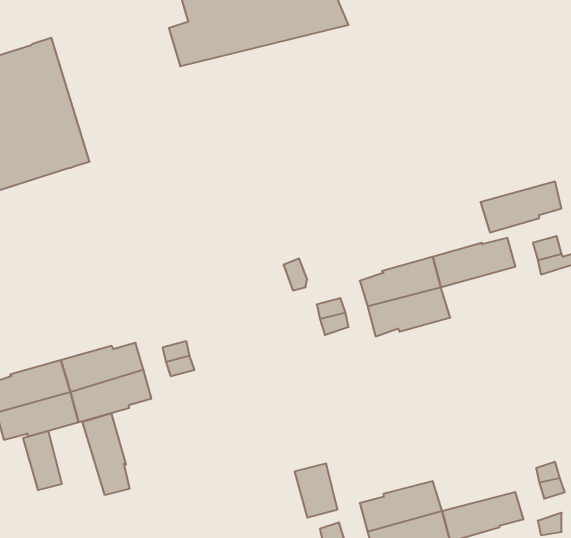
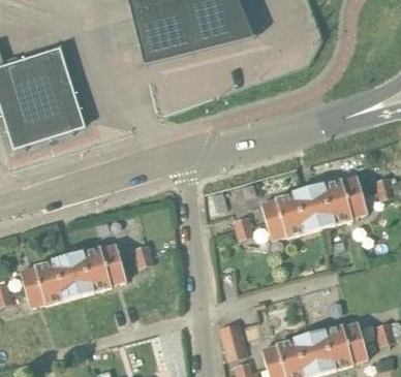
building: [480,182,561,232] -> [314,195,367,228]
building: [82,413,130,495] -> none
building: [23,431,62,490] -> none
building: none -> [309,322,363,354]

